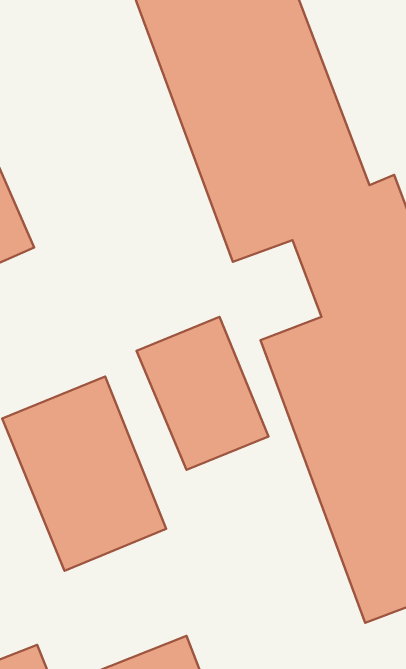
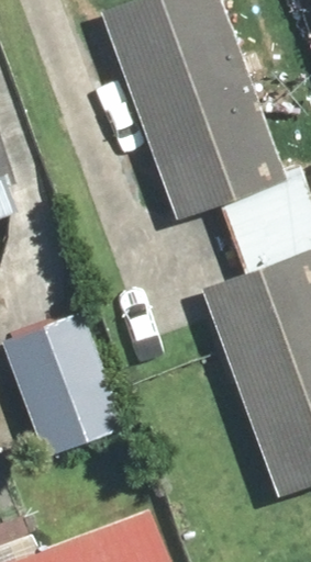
building: [136,317,268,470] -> none

